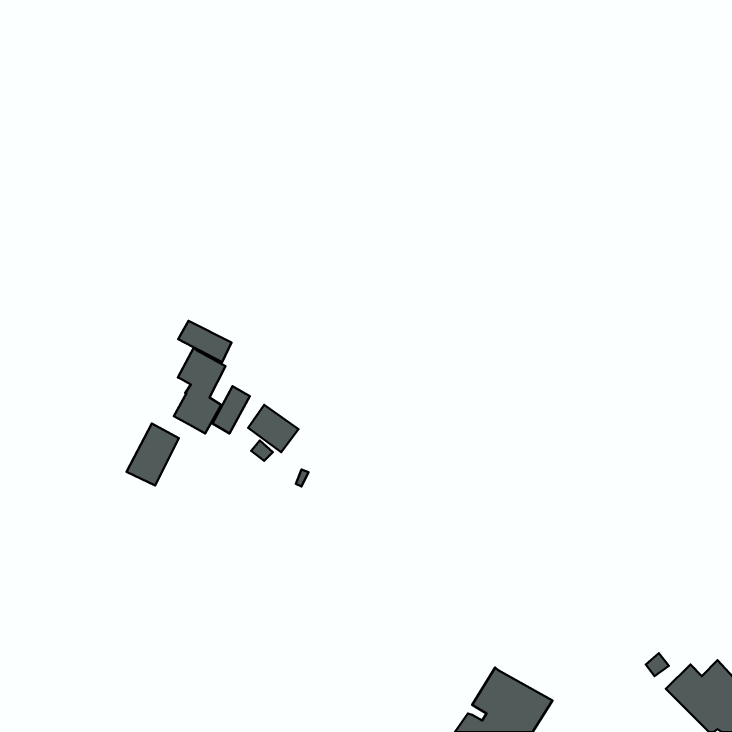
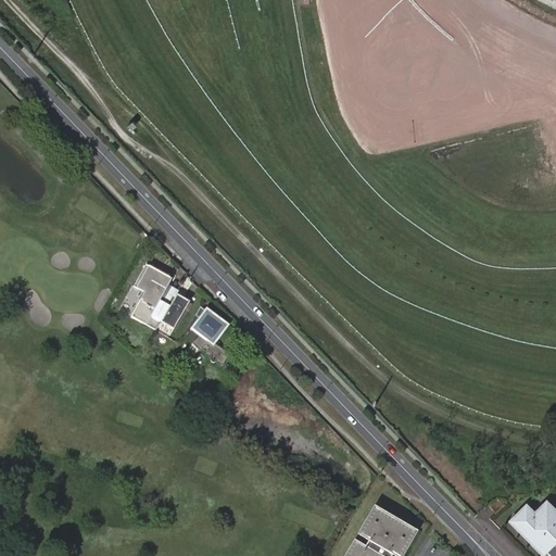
building: [178,321,231,362] -> none
building: [127,423,179,485] -> none

